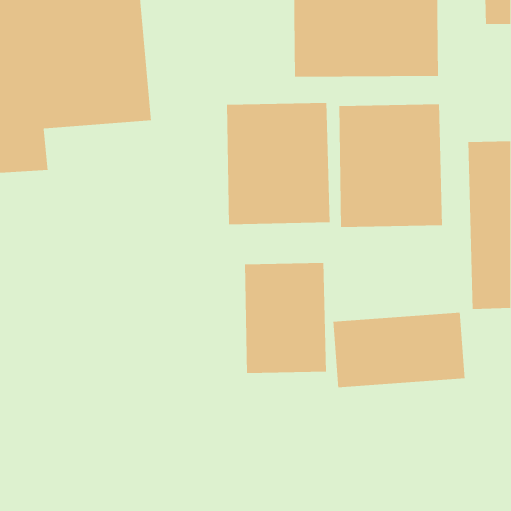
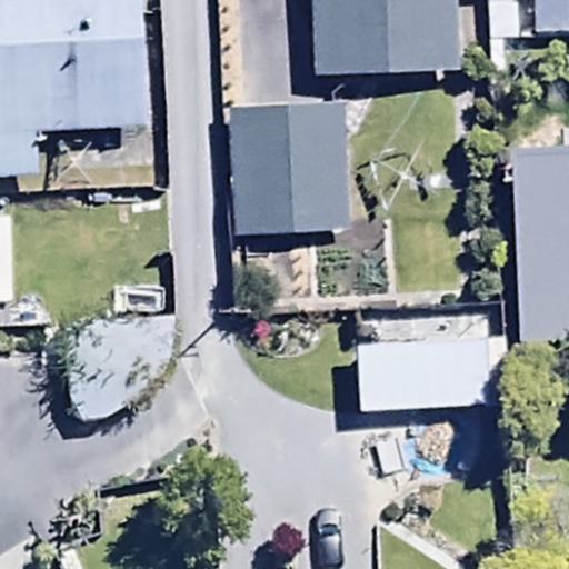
building: [339,103,443,228] -> none
building: [244,262,327,374] -> none

